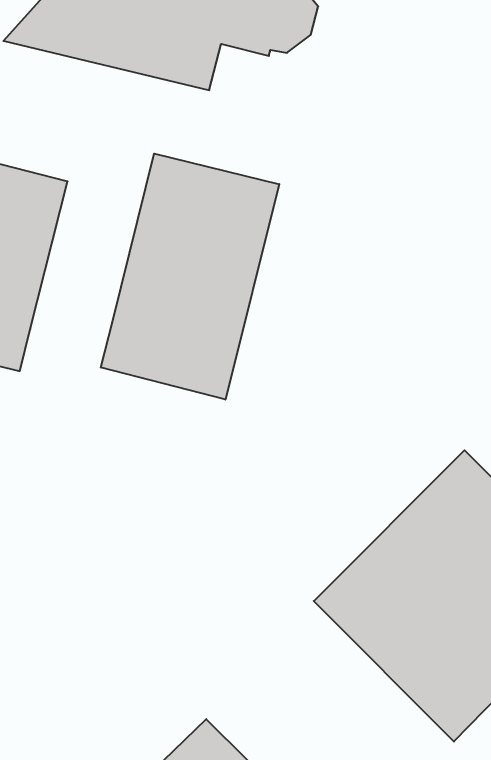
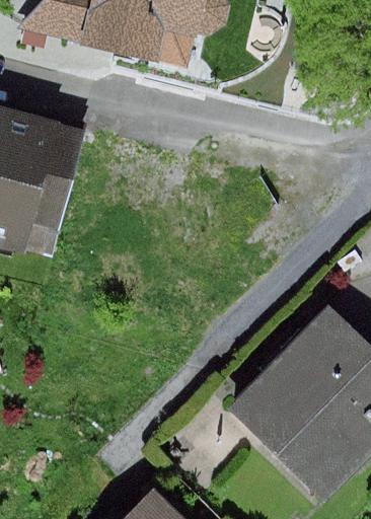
building: [101,154,279,400] -> none

